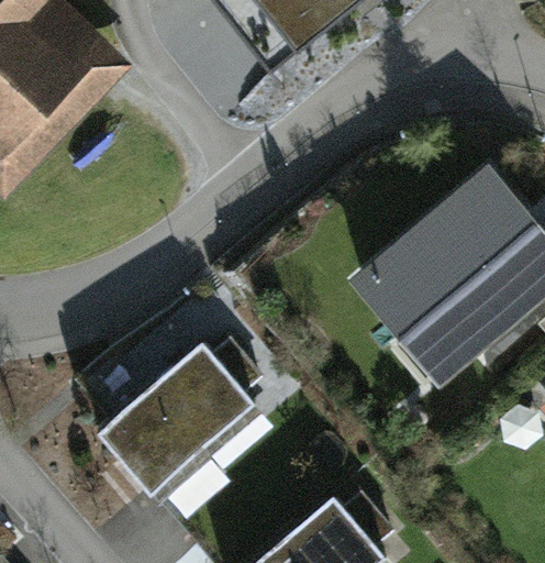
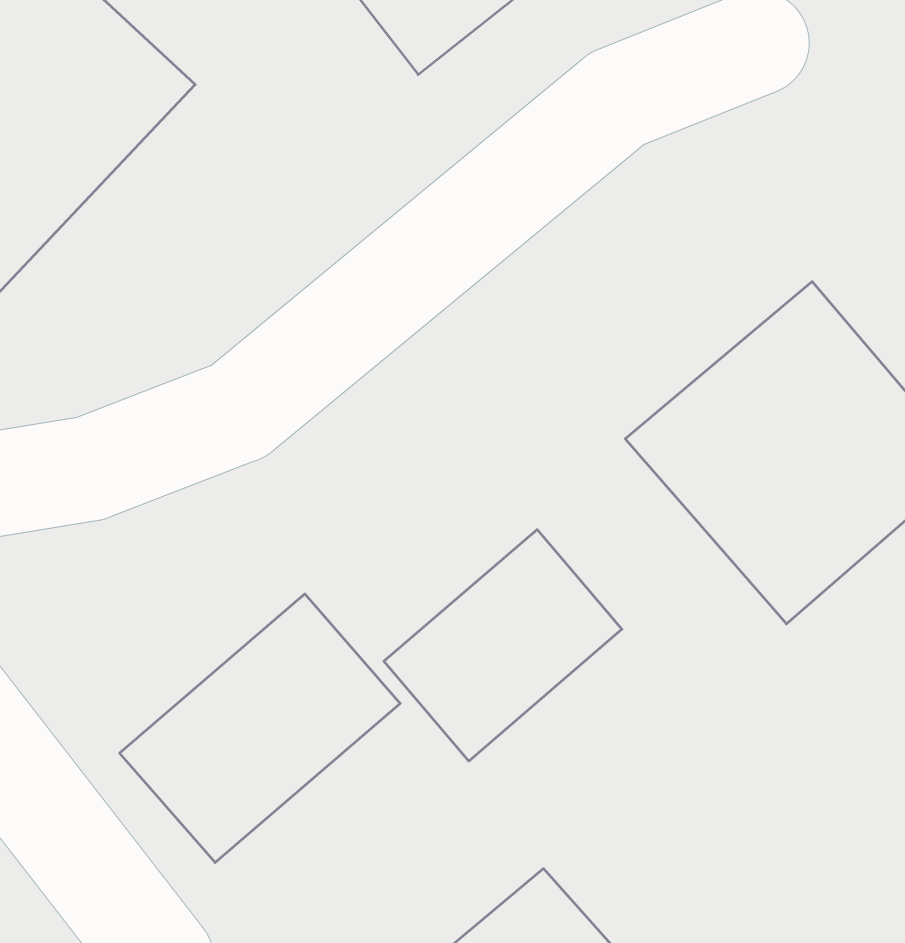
building: none -> [384,530,622,761]

